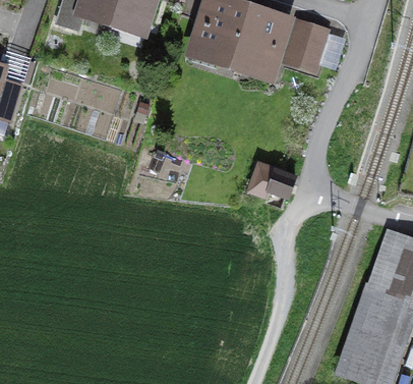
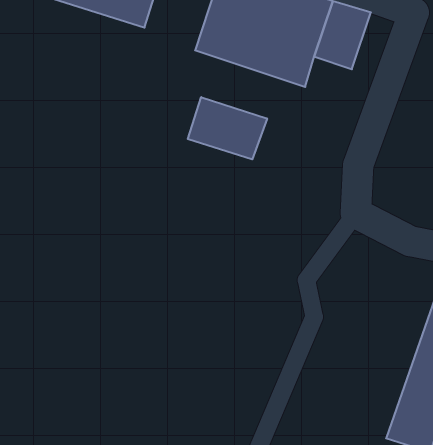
building: none -> [188,97,267,159]
building: [246,166,298,201] -> none

